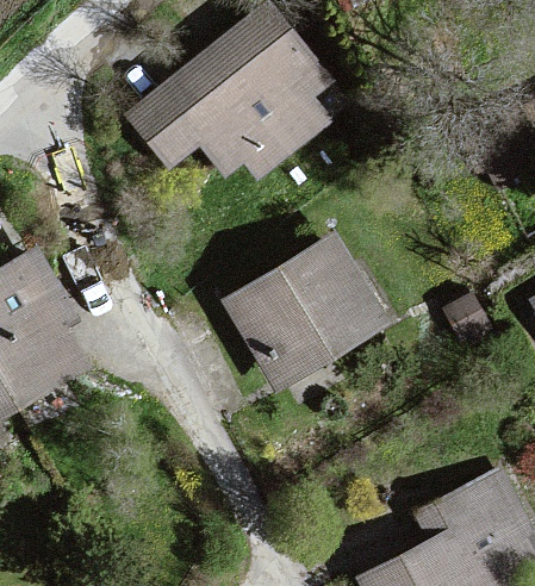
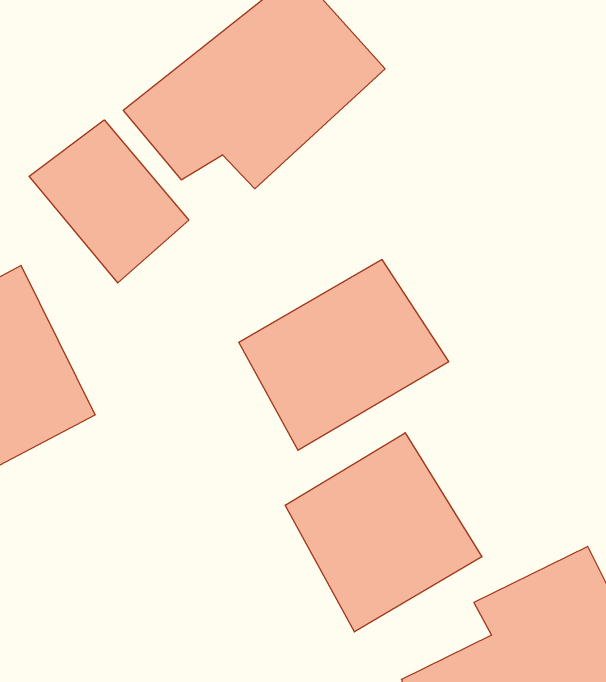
building: none -> [29,120,189,283]
building: none -> [285,433,482,632]

